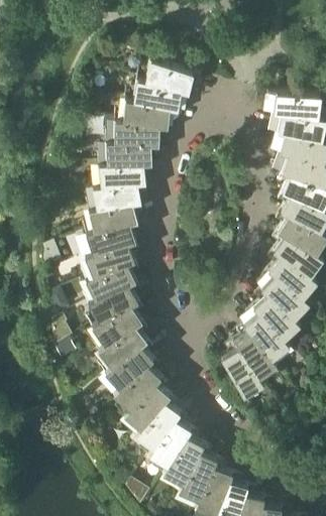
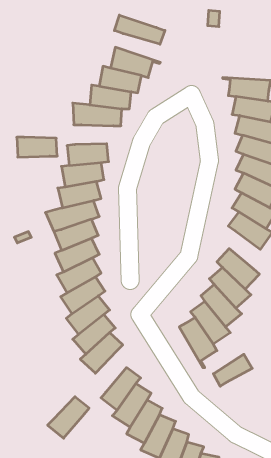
building: none -> [114,15,165,44]
building: [108,147,151,168] -> [17,137,57,157]
building: [268,260,315,301] -> none
building: [125,388,170,432] -> [48,397,89,438]
building: none -> [213,354,252,386]

